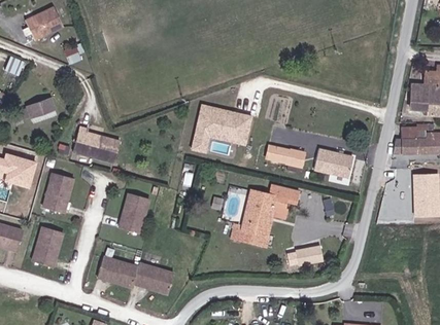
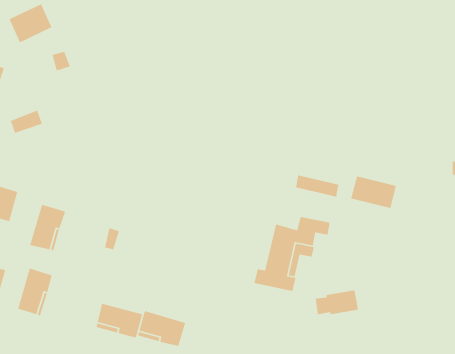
building: [188,103,249,152] -> none
building: [71,127,119,161] -> none
building: [125,195,149,234] -> none

